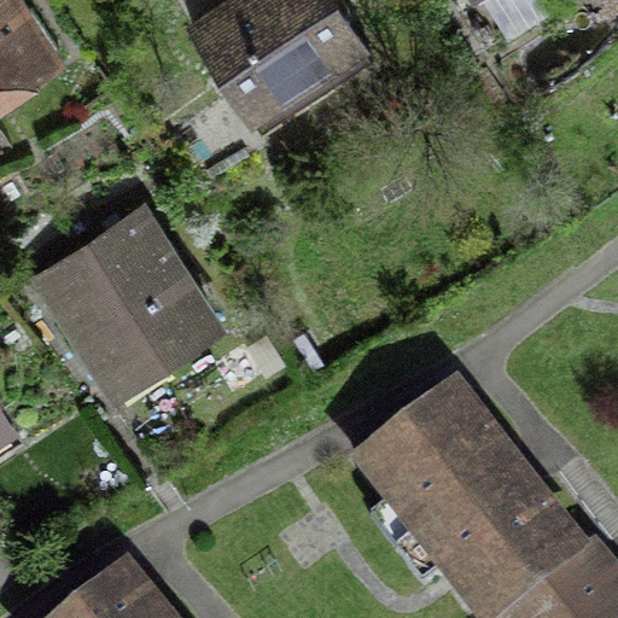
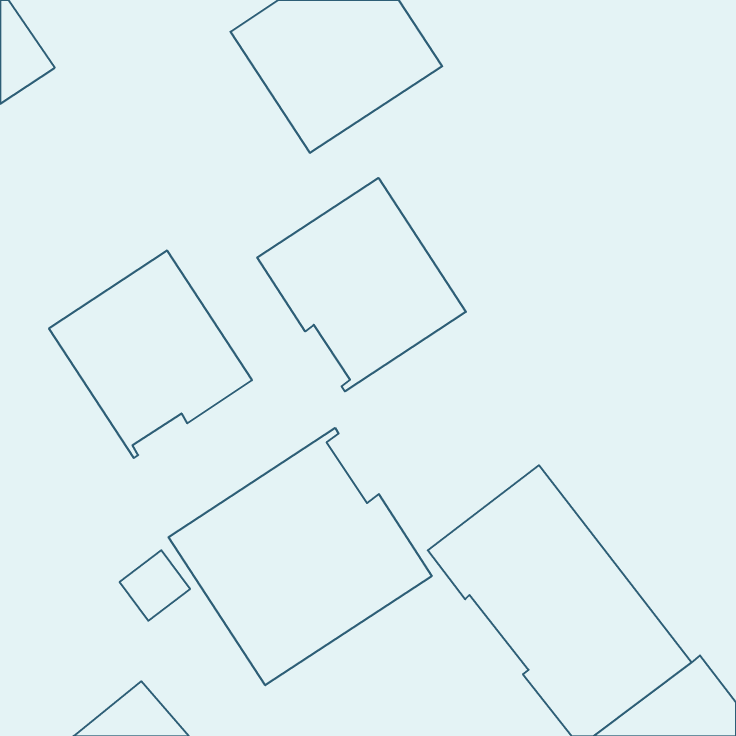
building: none -> [257,178,466,391]
building: none -> [169,428,432,685]

